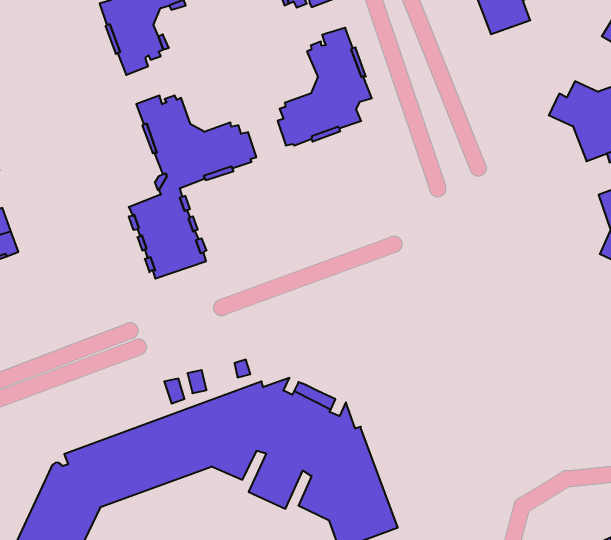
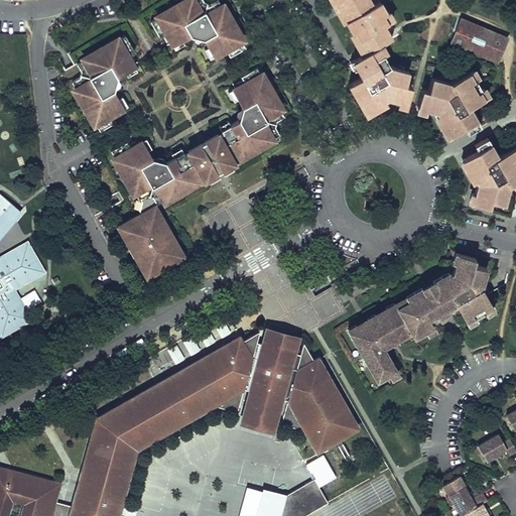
building: none -> [348,47,412,114]
building: none -> [190,136,228,174]
building: none -> [350,255,492,383]

